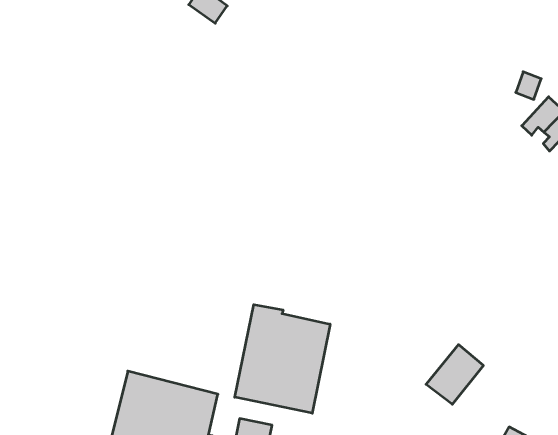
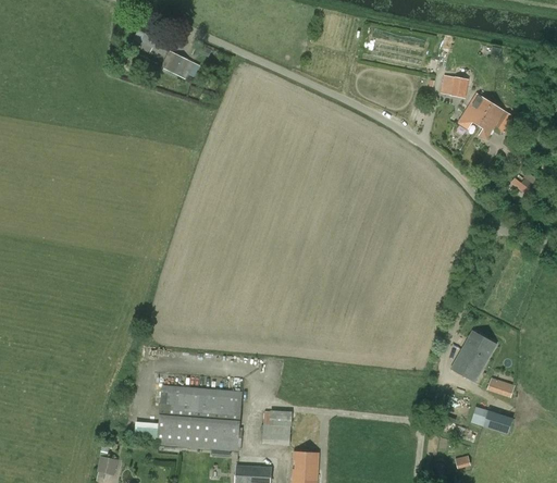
building: [235,305,330,413] -> none
building: [426,345,483,404] -> [450,331,496,382]

